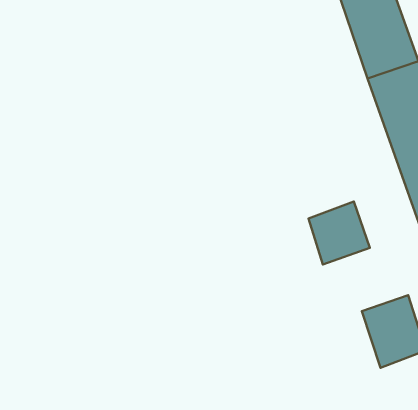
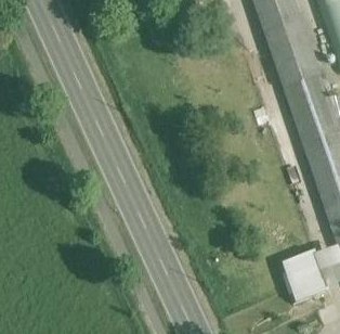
building: [308,202,370,265] -> none

